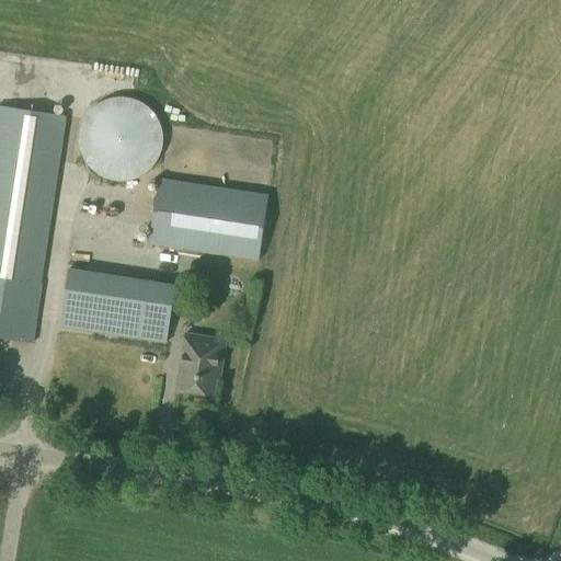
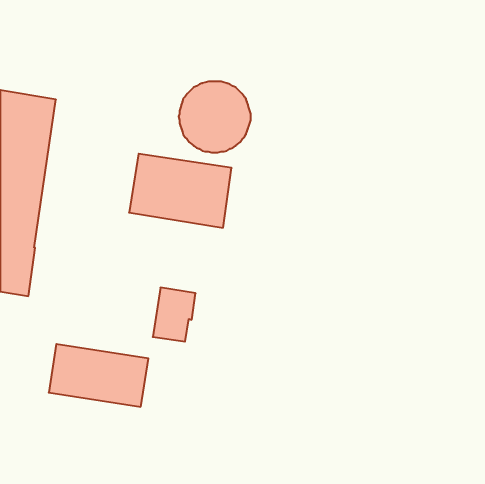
building: [79,99,162,181] -> [179,81,251,153]
building: [59,270,174,342] -> [49,344,148,407]

